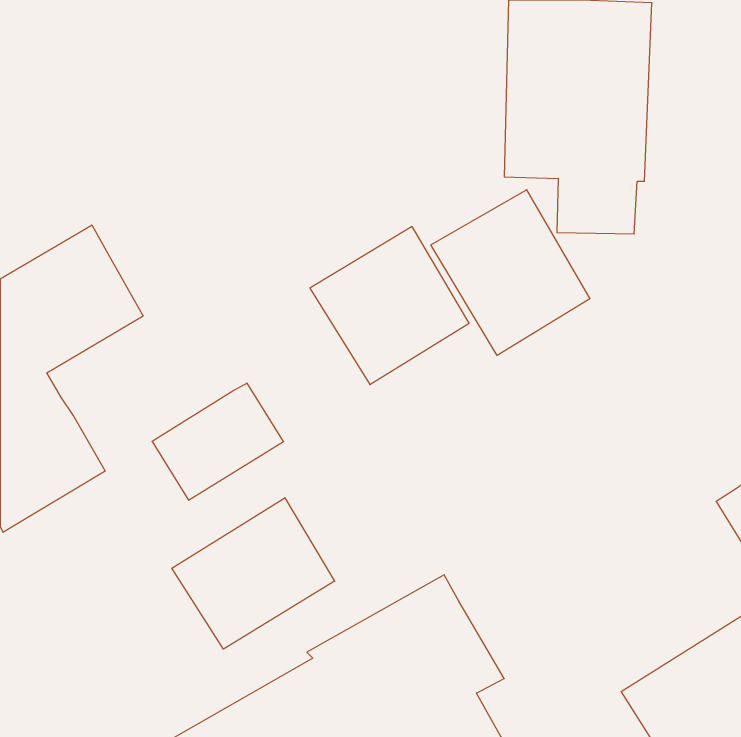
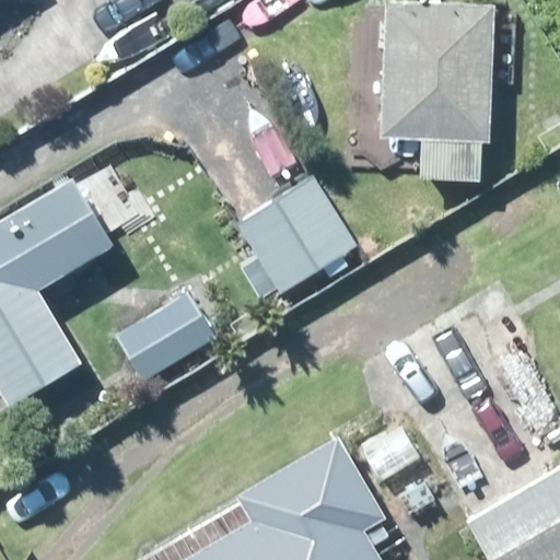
building: [431,190,590,355] -> none
building: [172,498,335,649] -> none

